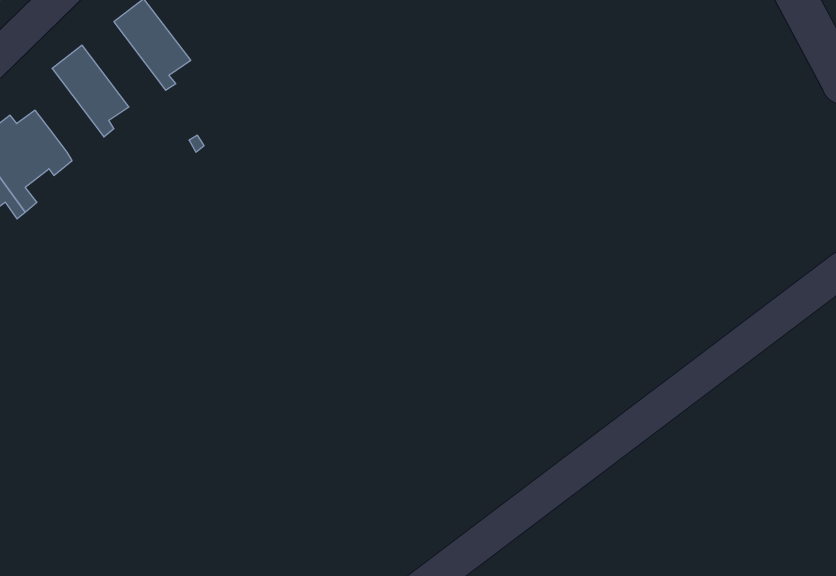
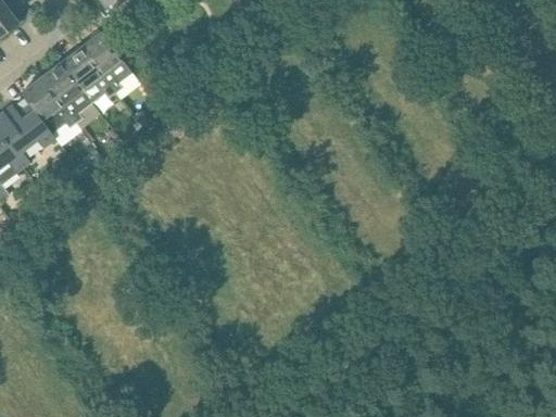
building: none -> [60,45,114,100]
building: none -> [21,75,74,129]

